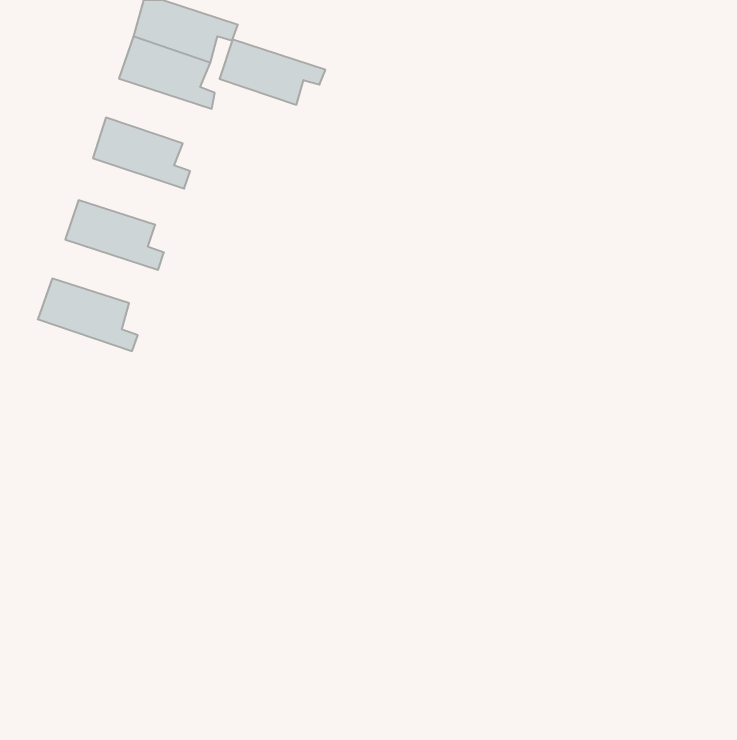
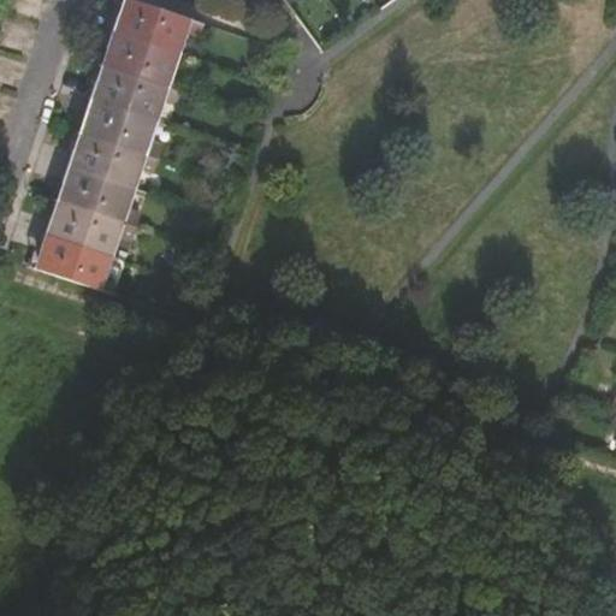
building: [219,40,325,105] -> [91,66,179,120]
building: none -> [69,132,156,188]
building: none -> [47,200,135,253]

